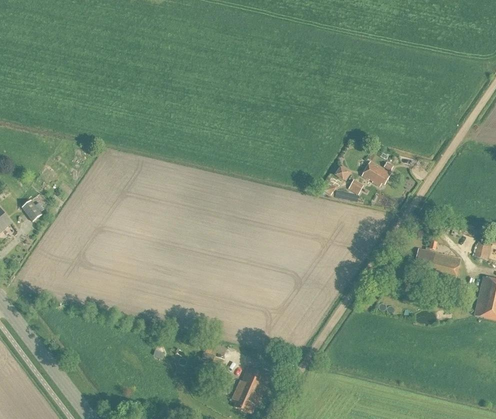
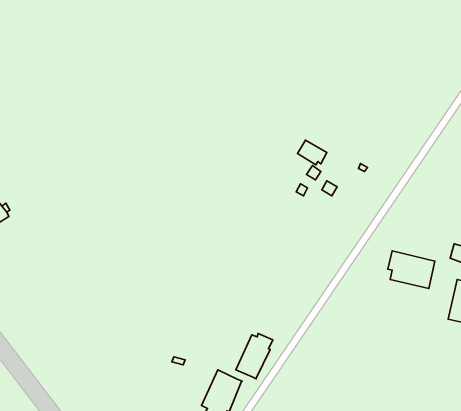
building: [361,160,390,184] -> [297,140,327,165]
building: none -> [236,334,273,379]

